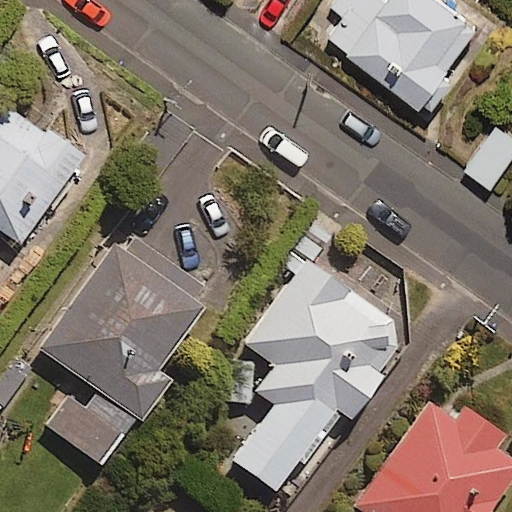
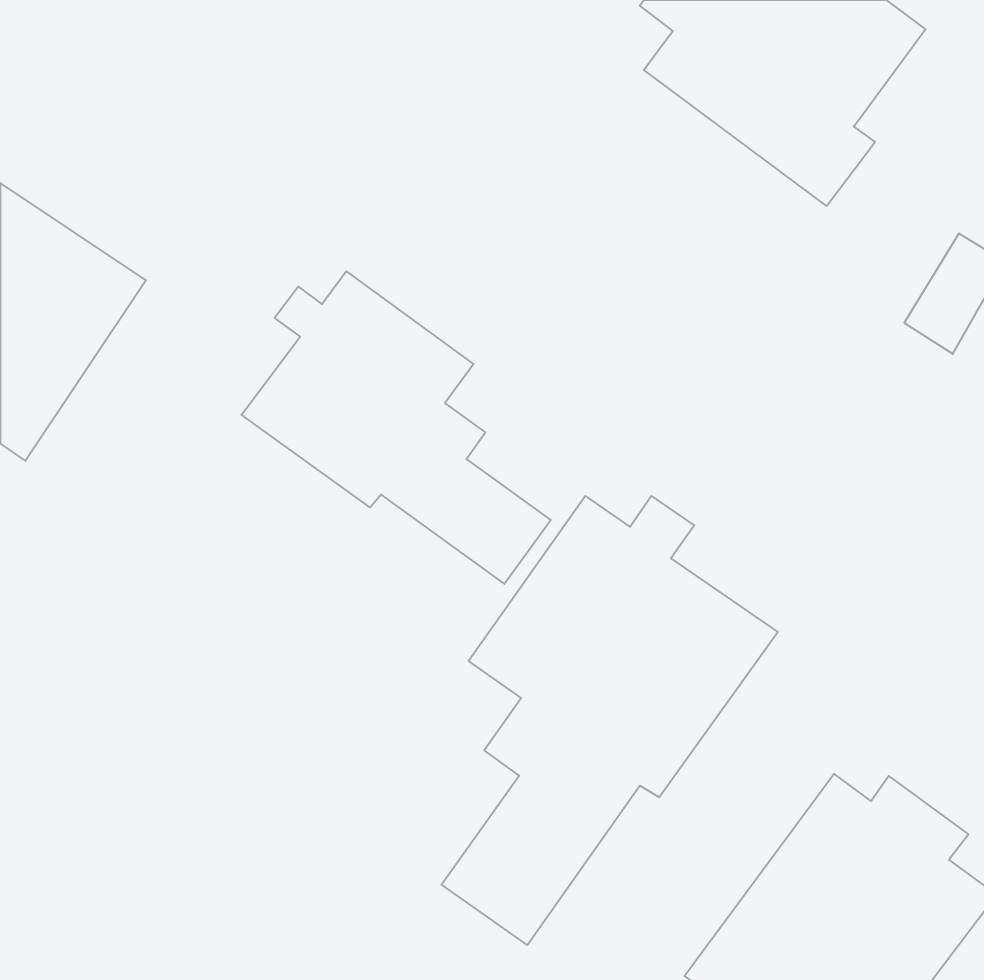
building: none -> [241,271,551,584]
building: [35,229,208,465] -> none

